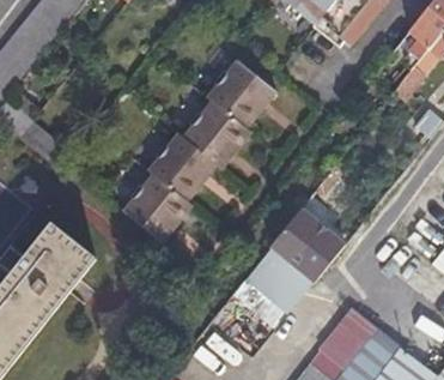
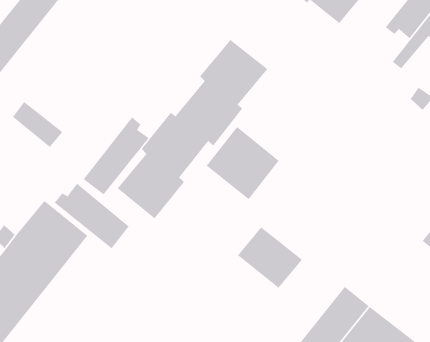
building: none -> [83,117,150,195]
building: none -> [54,183,130,249]
building: [270,209,345,283] -> [206,126,280,200]

